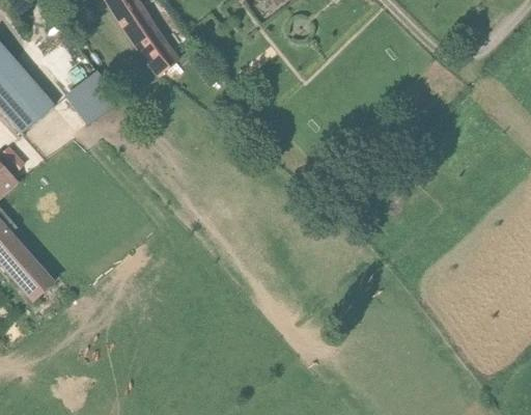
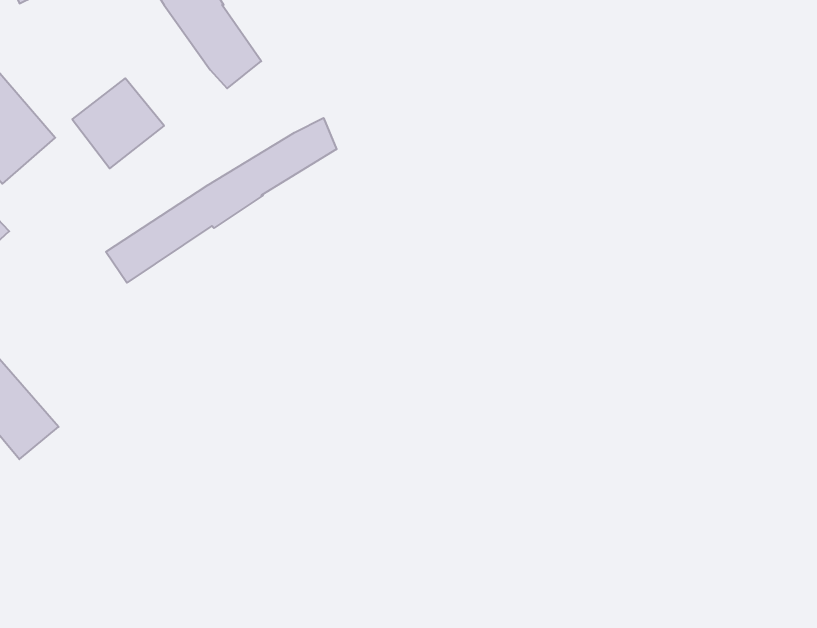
building: none -> [106,118,337,283]

